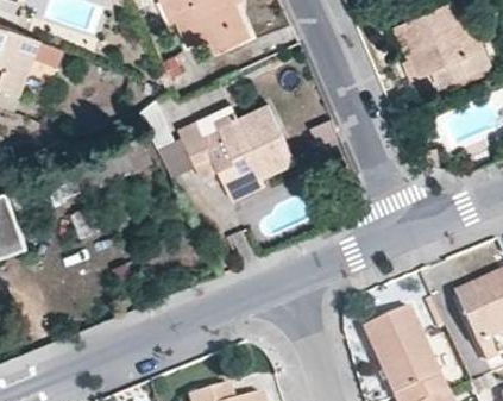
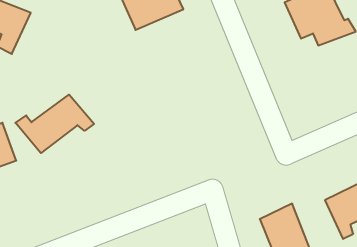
building: [142,81,301,190] -> none
building: none -> [15,95,94,153]

